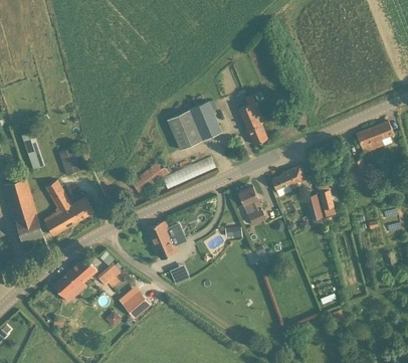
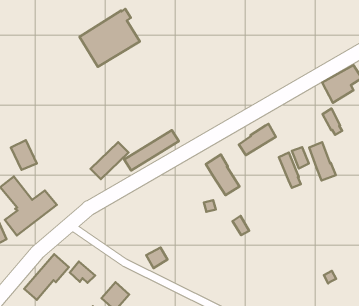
building: [239,96,268,145] -> none
building: [167,100,222,150] -> [79,9,140,67]
building: none -> [309,142,336,180]
building: [148,222,179,258] -> none

